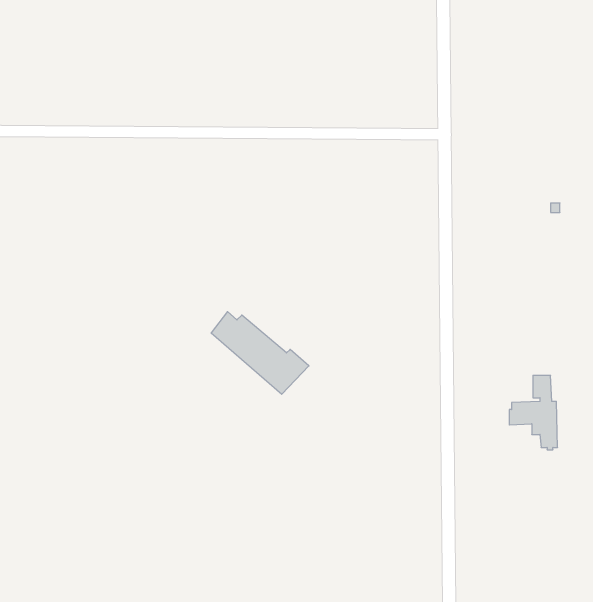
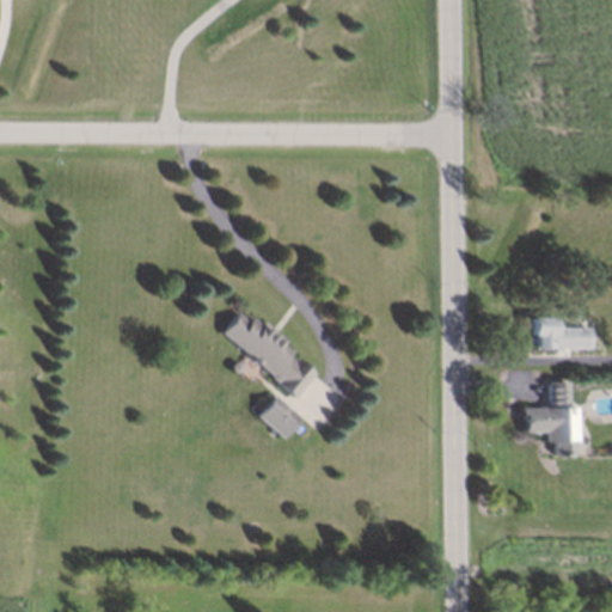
building: none -> [532,312,593,344]
building: none -> [262,392,302,433]

